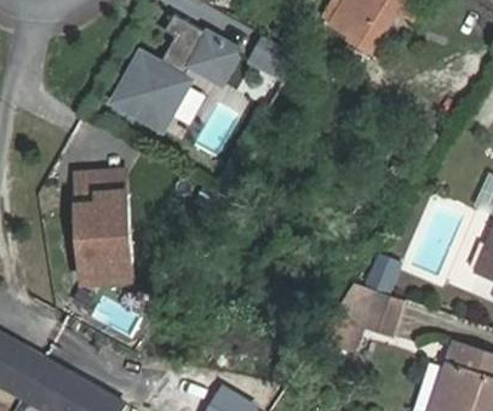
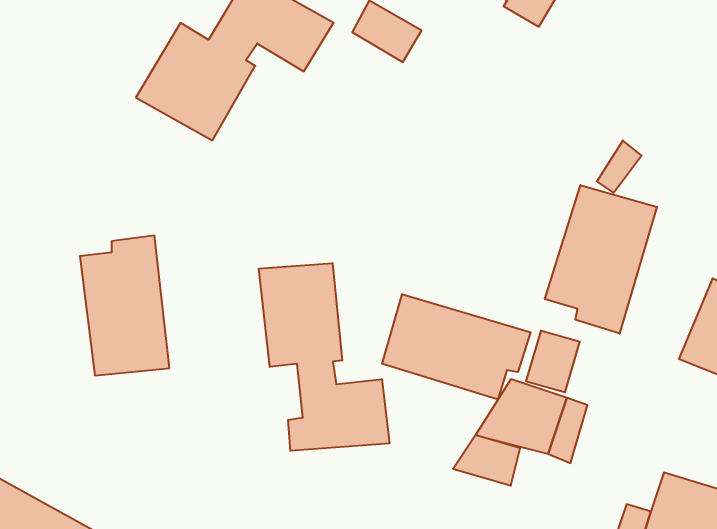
building: none -> [545,185,657,334]
building: [71,166,124,202] -> none
building: none -> [259,263,390,451]
building: none -> [382,294,531,400]

